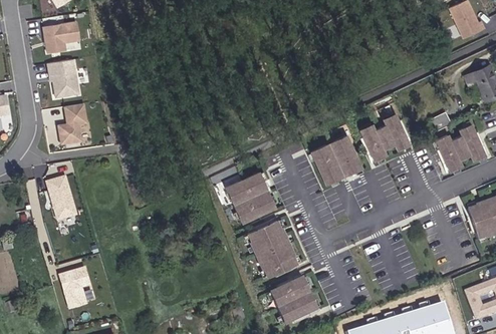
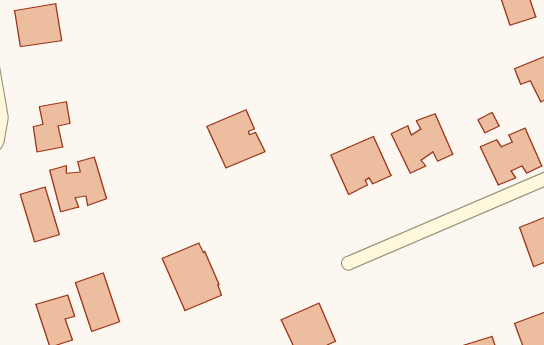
building: [45,59,82,98] -> none
building: none -> [50,157,107,212]
building: [224,168,273,217] -> [207,110,265,168]
building: [243,216,293,273] -> [162,243,221,311]
building: none -> [75,273,120,331]

